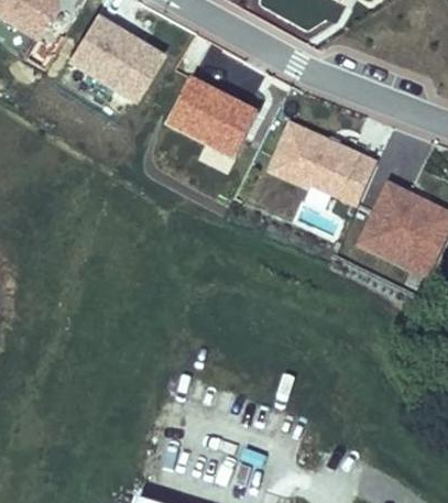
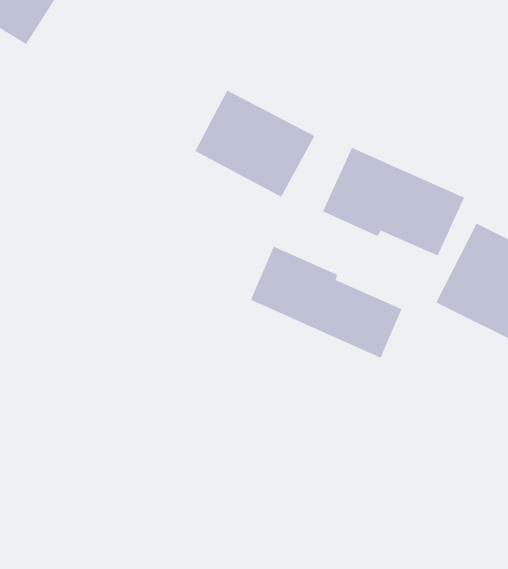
building: [67,17,164,106] -> none
building: none -> [250,246,402,358]

